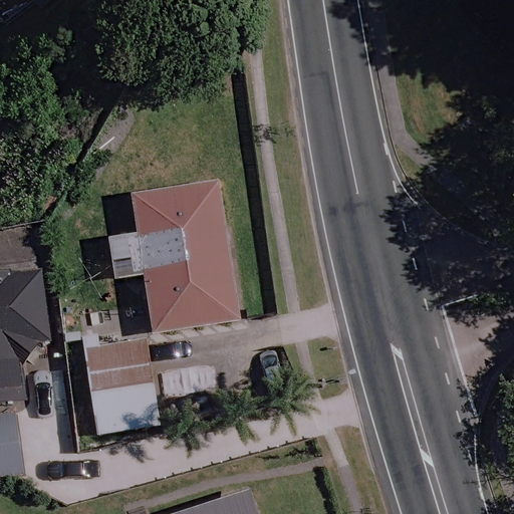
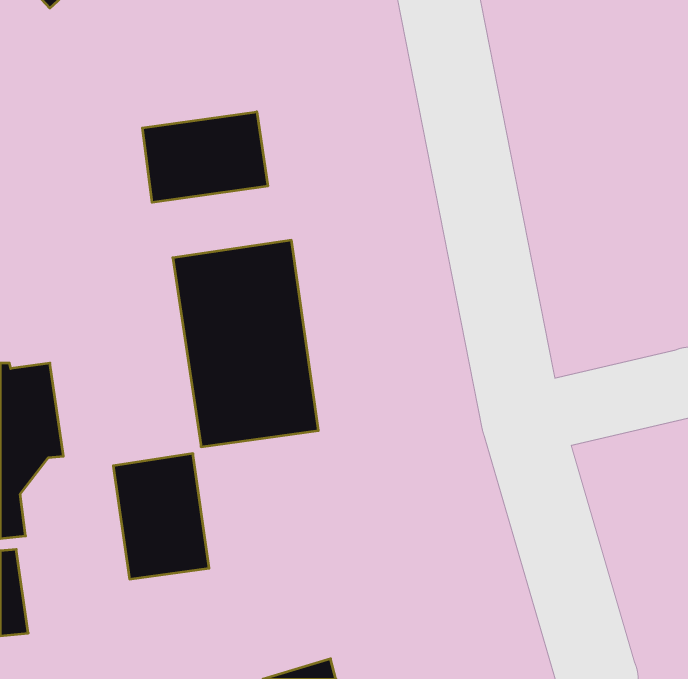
building: none -> [142,112,268,202]

